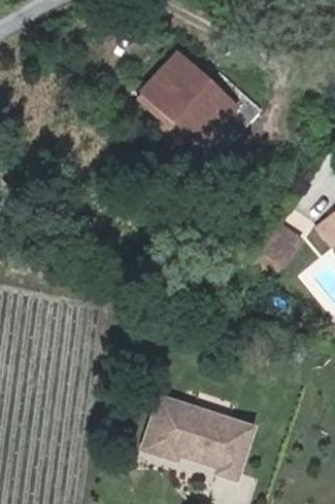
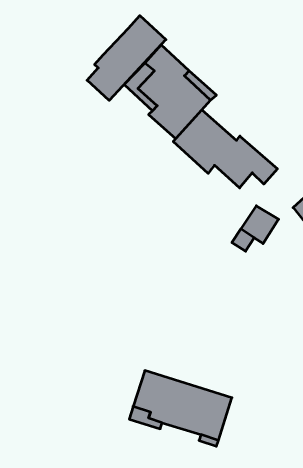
building: none -> [87,16,166,100]
building: none -> [173,110,277,188]

